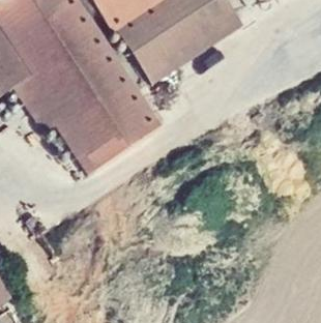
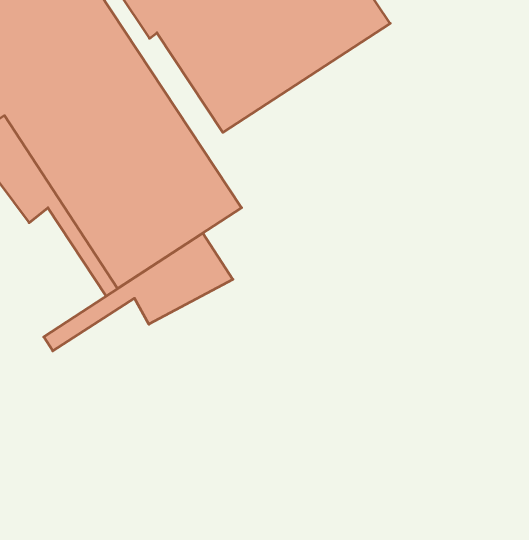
building: none -> [44,233,233,351]

